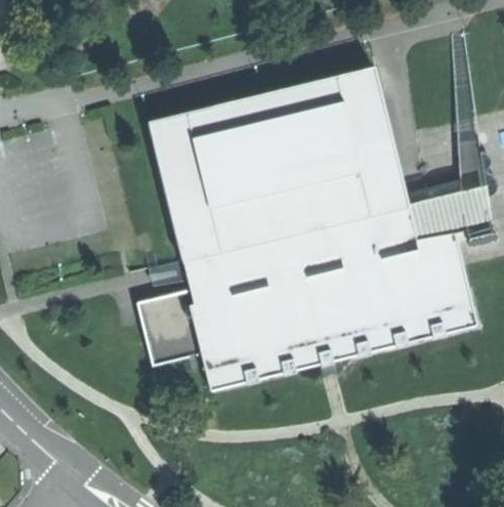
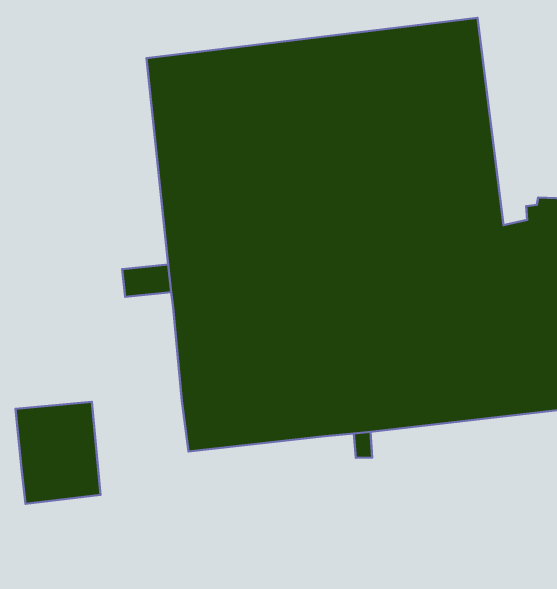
building: [140,291,208,368] -> [15,402,101,504]

